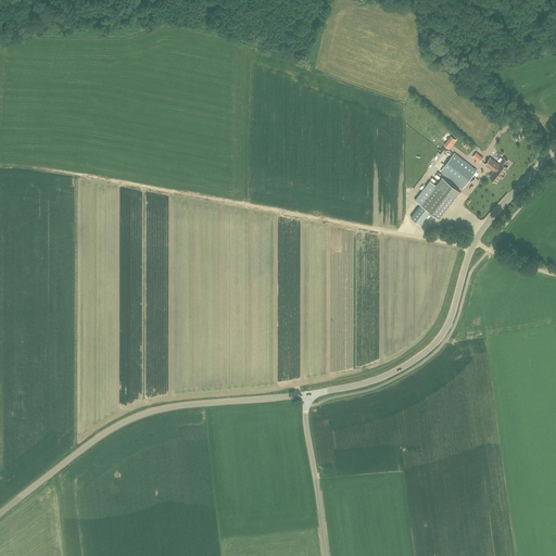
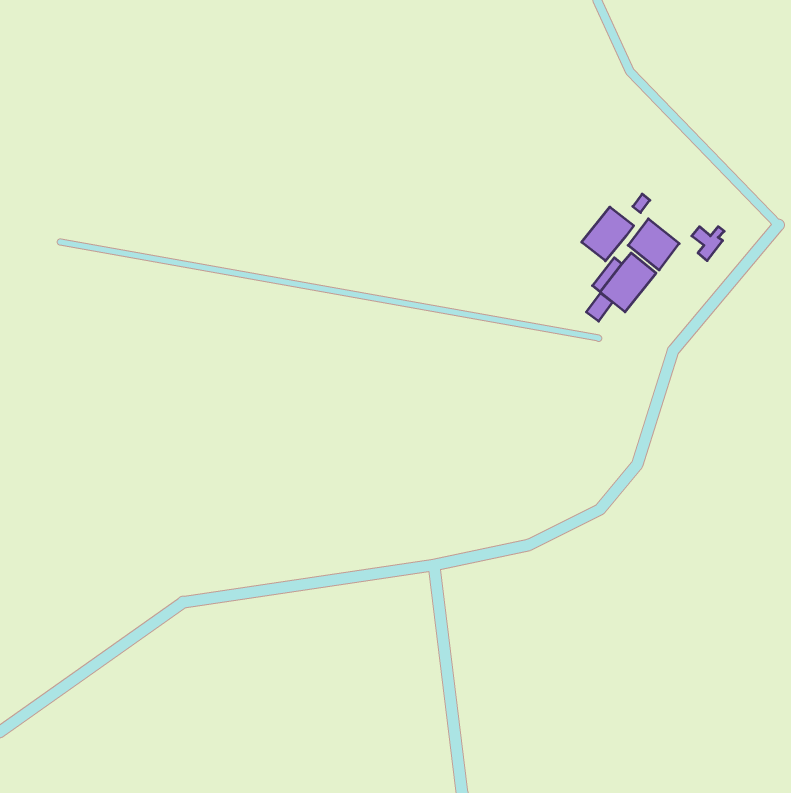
building: none -> [582,207,634,261]

